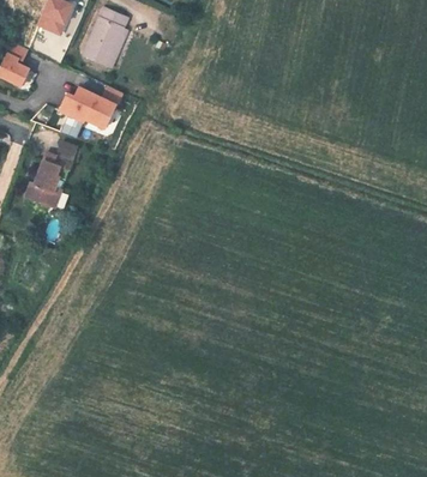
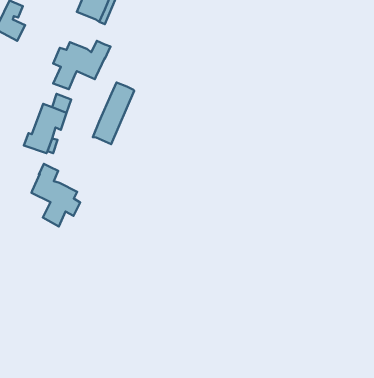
building: none -> [93,83,134,144]
building: none -> [31,164,80,226]

